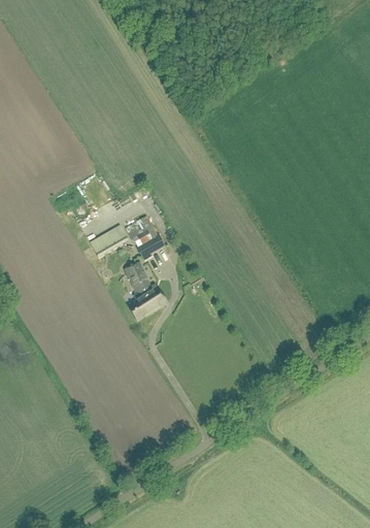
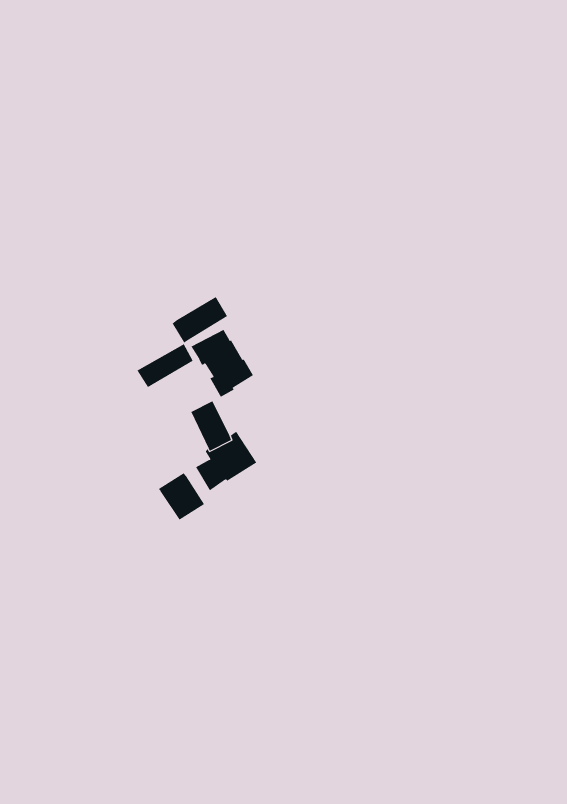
building: none -> [172,296,228,343]
building: none -> [158,473,205,520]

